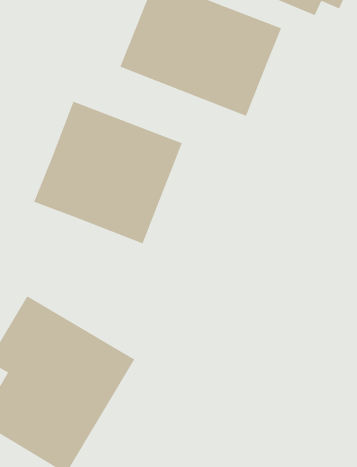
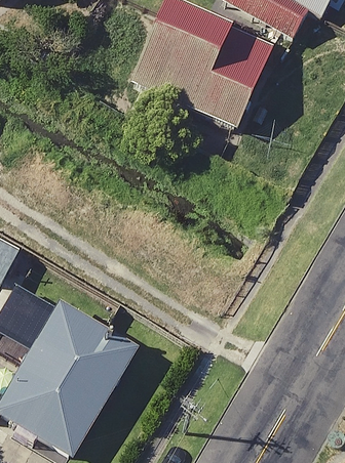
building: [33,101,182,244] -> none

